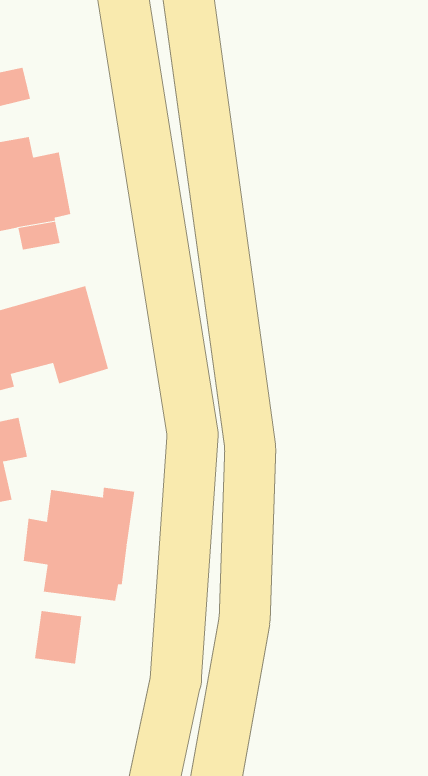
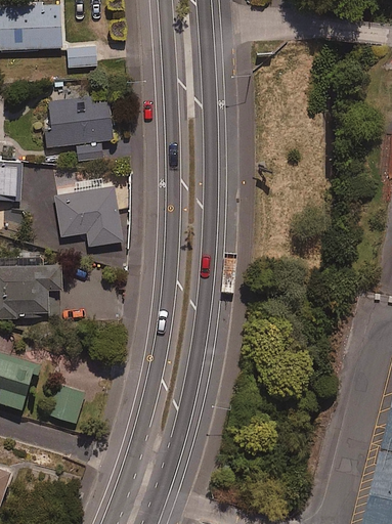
building: [23,487,135,602] -> none

